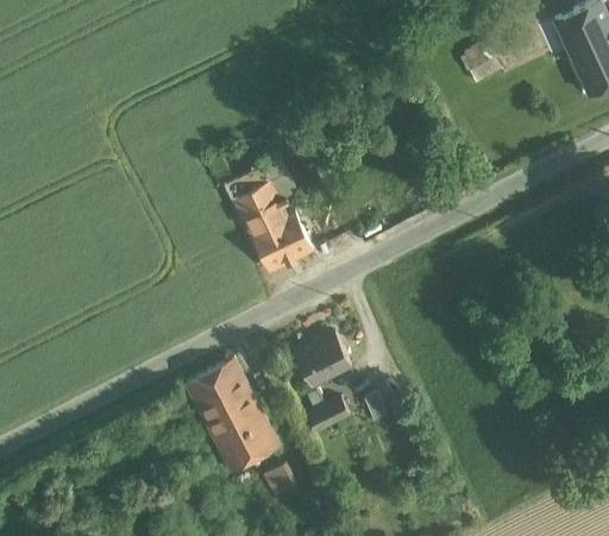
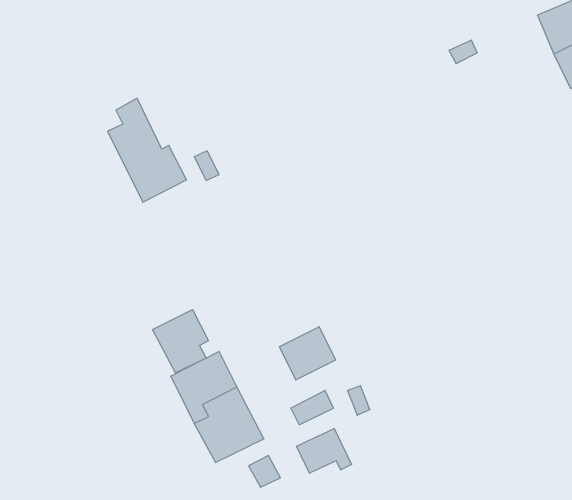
building: [233,163,313,267] -> [108,98,187,202]
building: none -> [152,310,208,373]
building: none -> [297,429,352,473]

